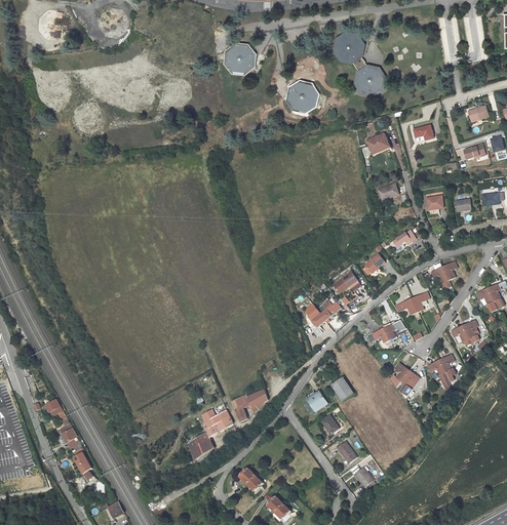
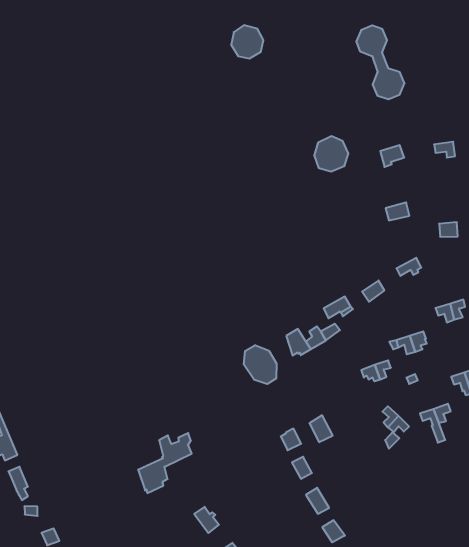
building: [286,80,316,111] -> [314,136,348,171]
building: none -> [244,345,277,384]
building: [230,389,267,420] -> none

